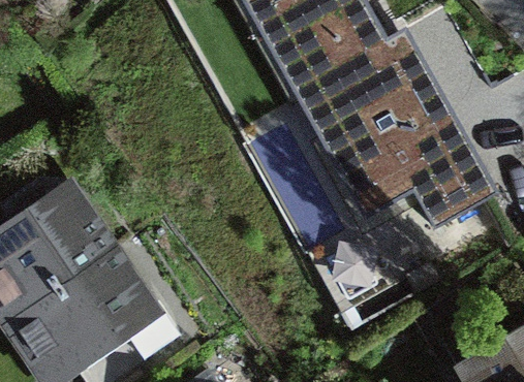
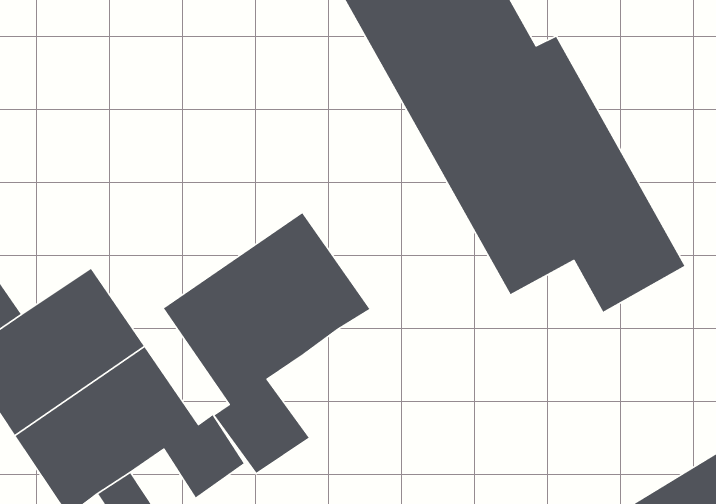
building: none -> [163,212,371,474]

